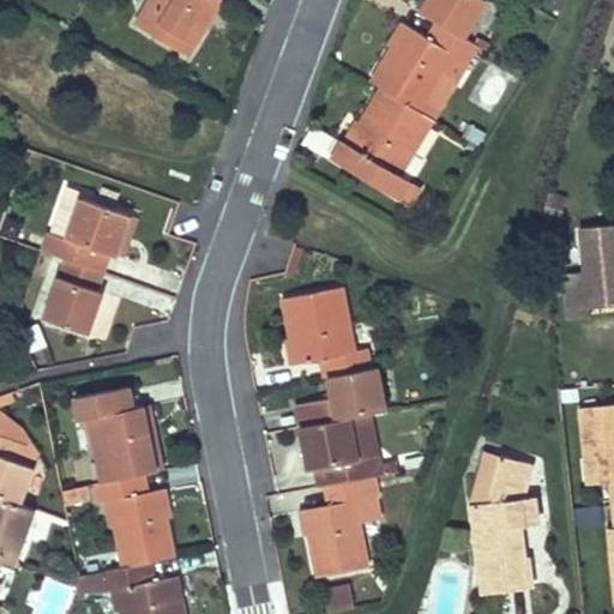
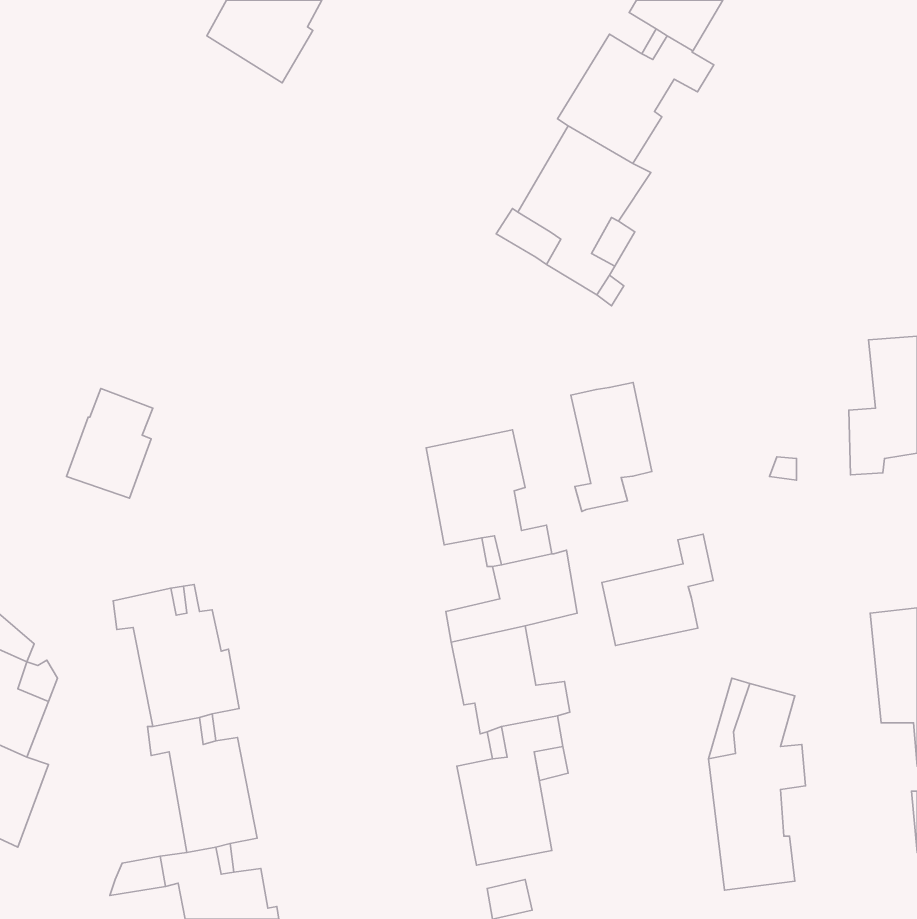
building: [41,186,130,272] -> none
building: none -> [571,383,652,511]
building: none -> [602,534,713,646]

